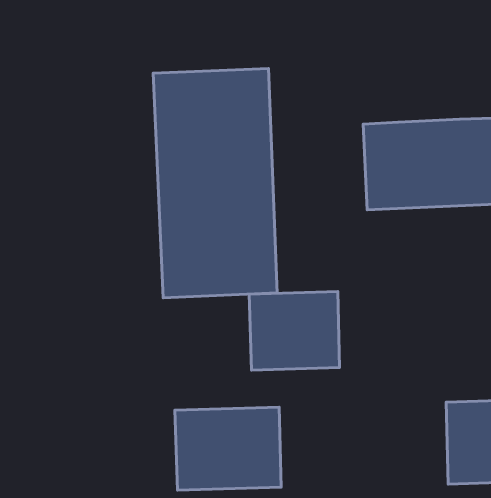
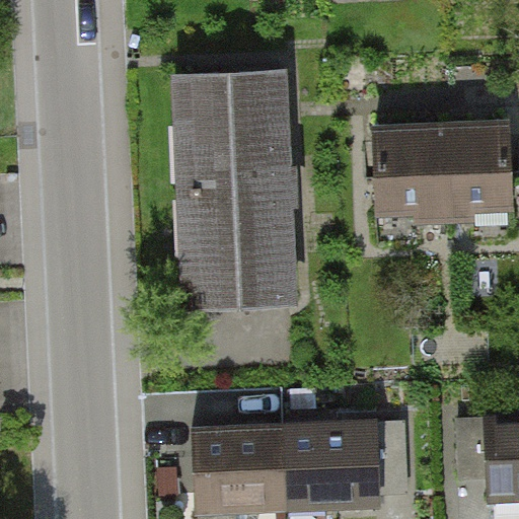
building: [249,292,339,370] -> none
building: none -> [298,421,409,507]

